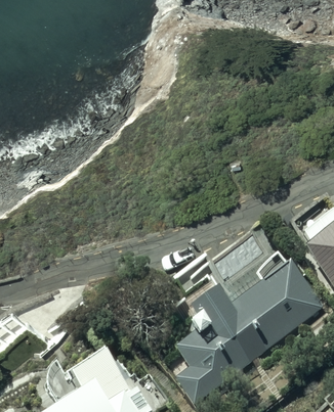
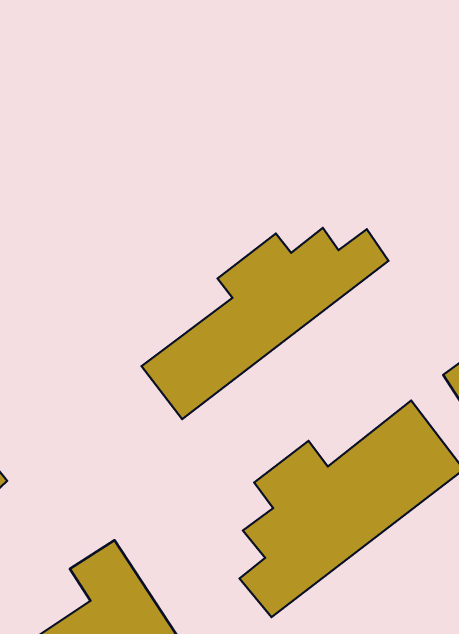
building: none -> [142,228,389,419]

